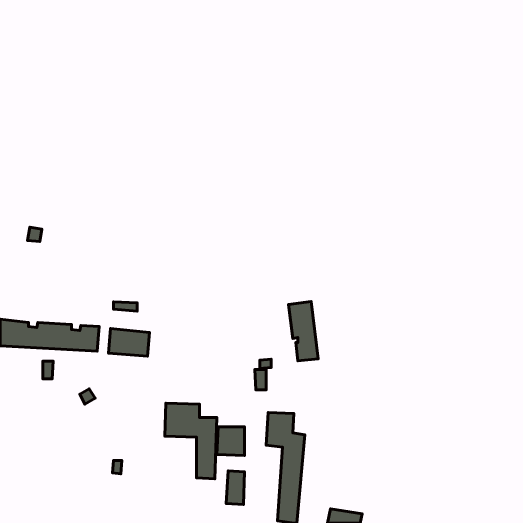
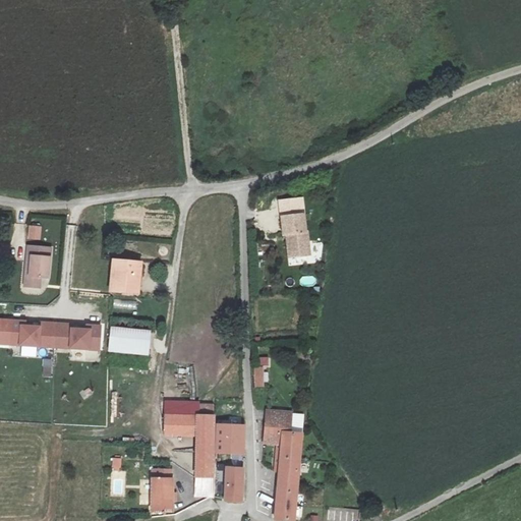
building: none -> [23,246,51,287]
building: none -> [109,259,142,294]
building: [289,302,318,361] -> [280,197,309,256]
building: none -> [152,469,172,511]

